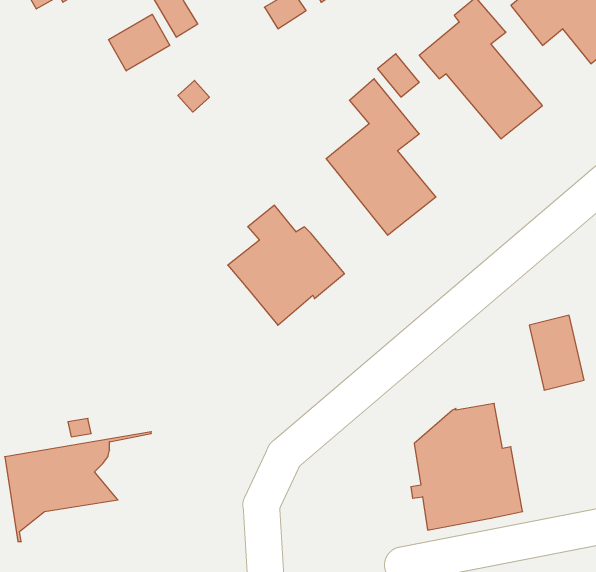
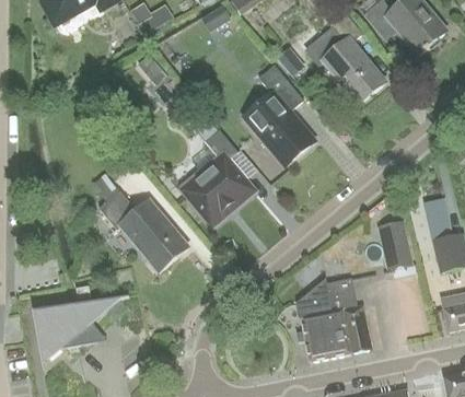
building: [109,14,170,71] -> none
building: none -> [206,129,240,164]
building: none -> [85,172,190,272]

